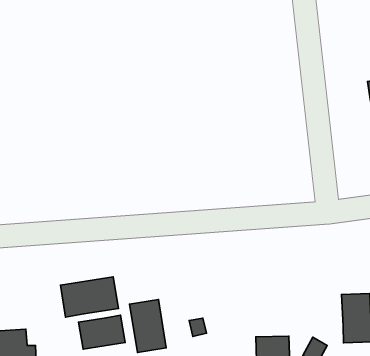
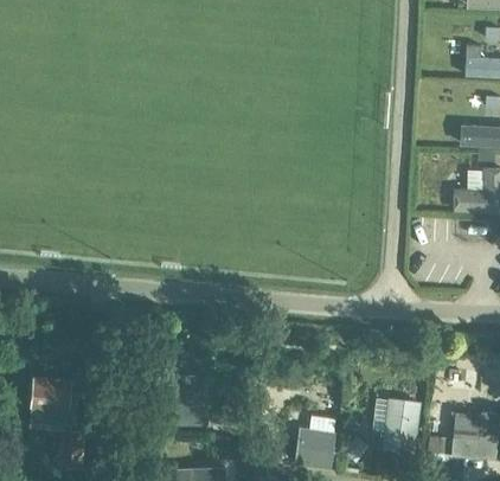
building: [60,277,119,317] -> none
building: [79,315,125,349] -> none

